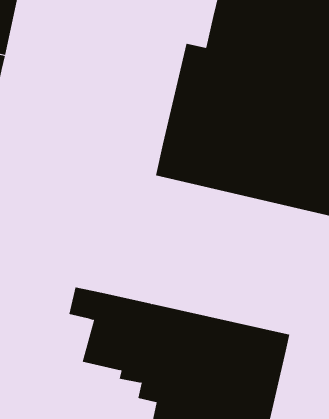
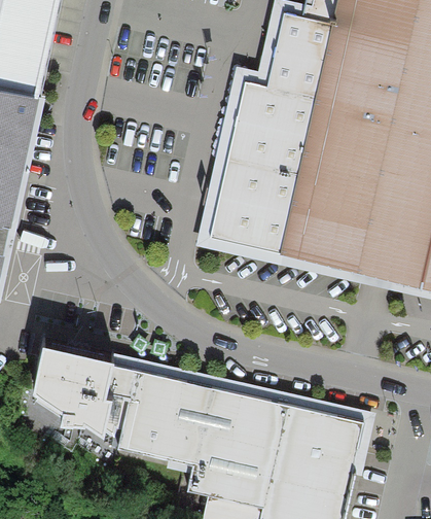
building: none -> [35,343,128,444]

